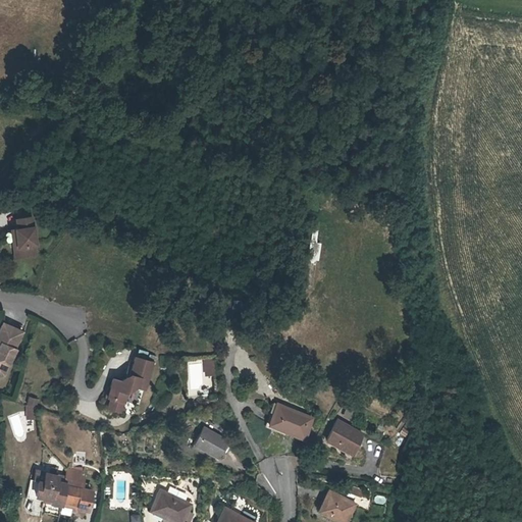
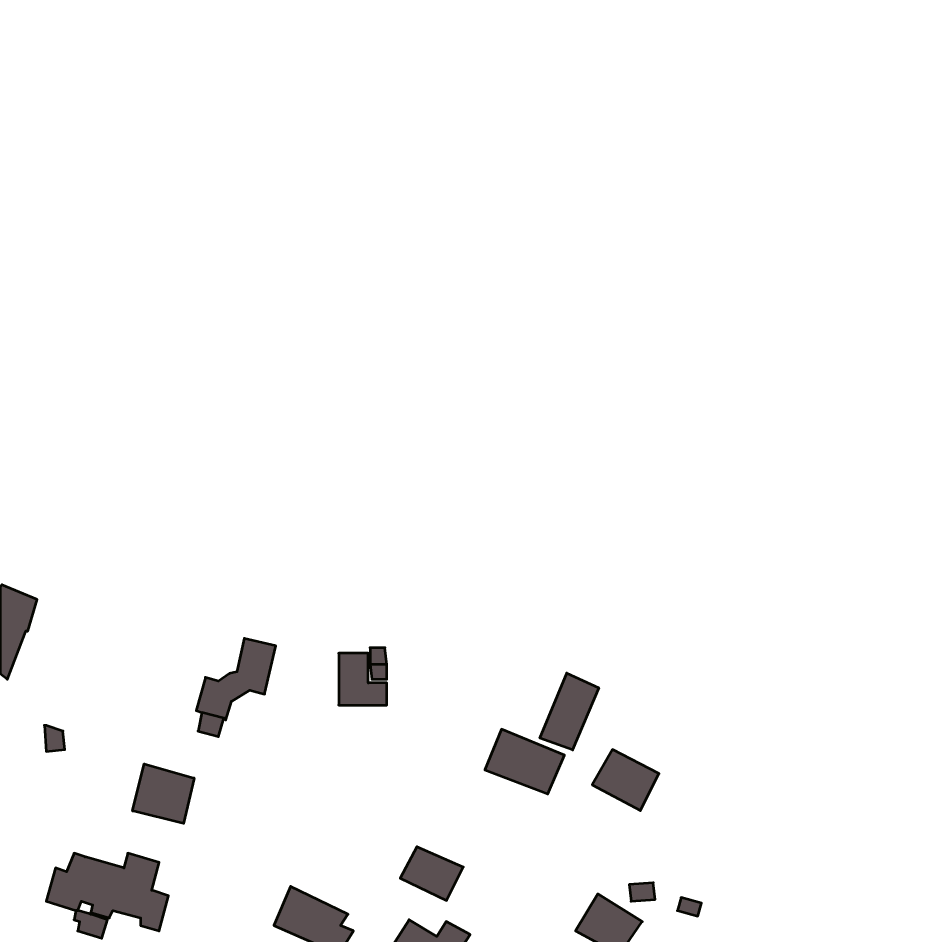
building: [11,219,38,261] -> none
building: none -> [540,673,599,750]
building: none -> [133,764,194,823]
building: [194,427,228,457] -> [400,847,463,900]

